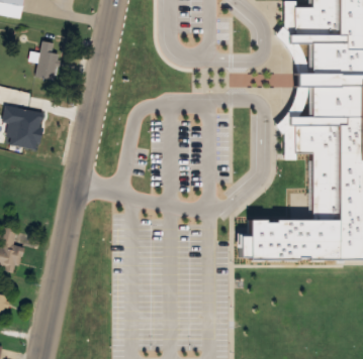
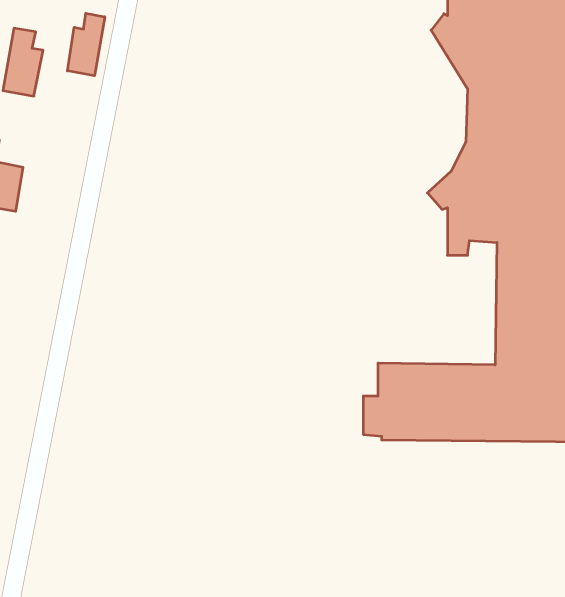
building: none -> [67,13,105,76]

